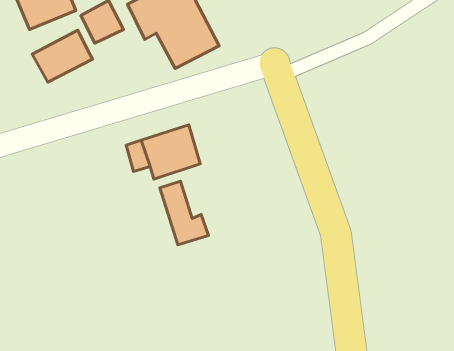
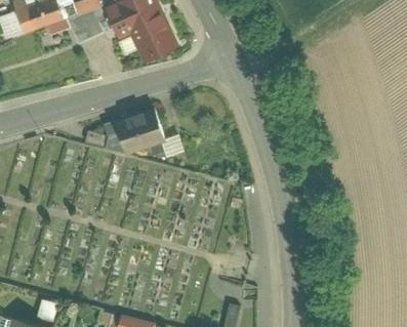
building: [32,30,93,82] -> none
building: [160,181,208,245] -> none

